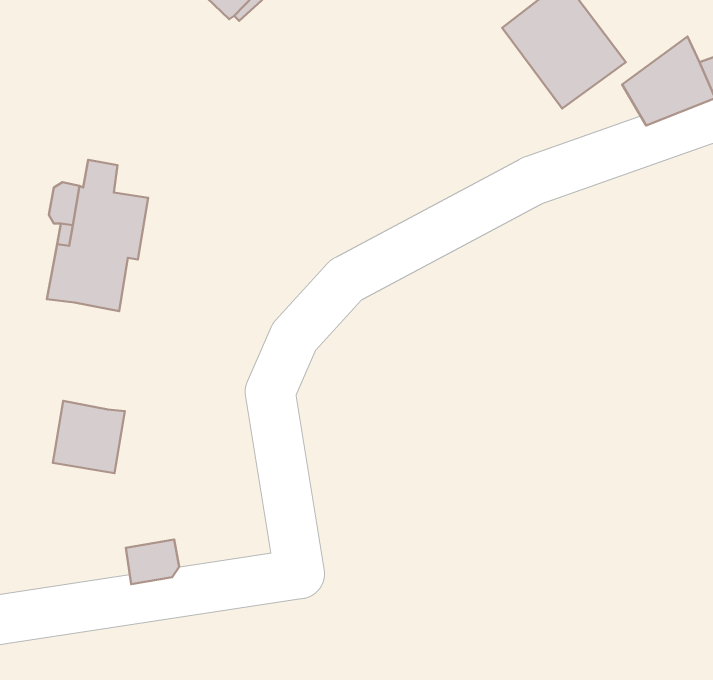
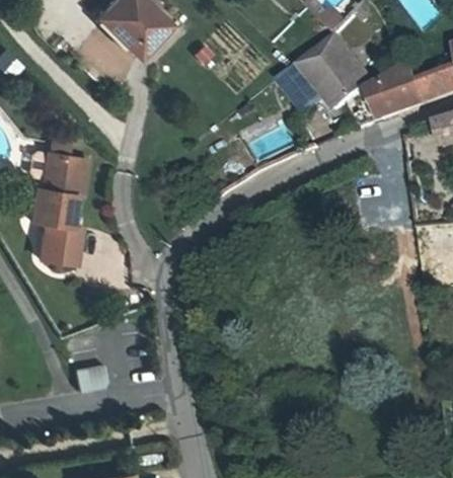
building: none -> [276,69,318,115]
building: [53,401,125,473] -> [40,221,82,263]

